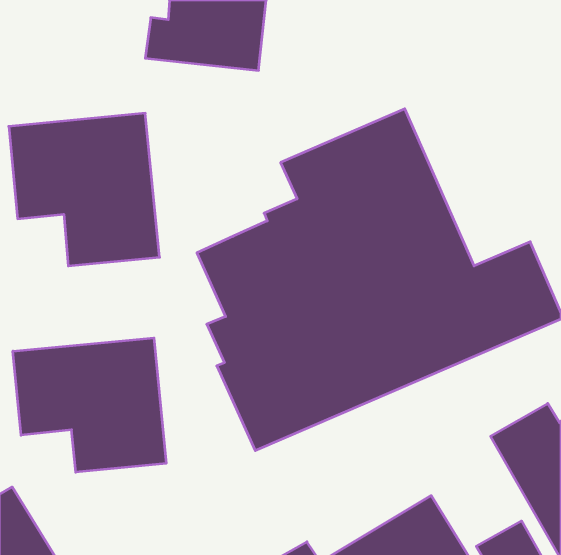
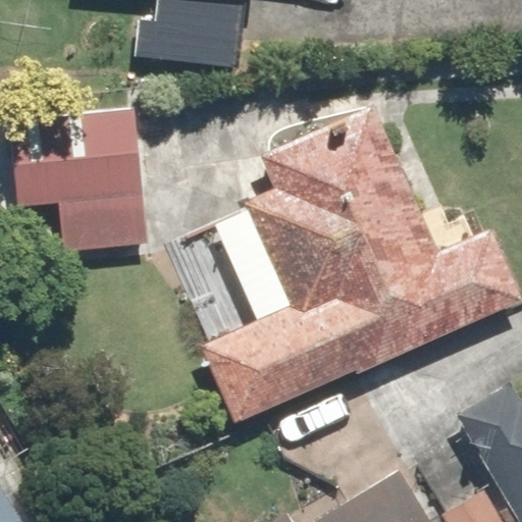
building: [13,338,166,472] -> none

